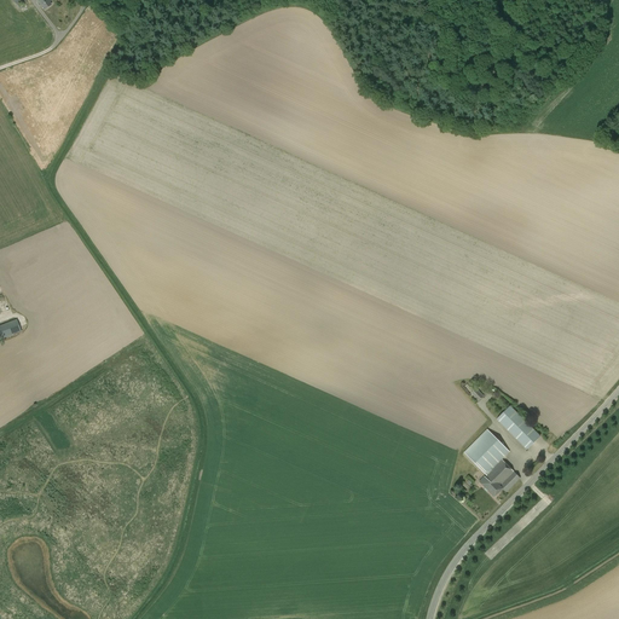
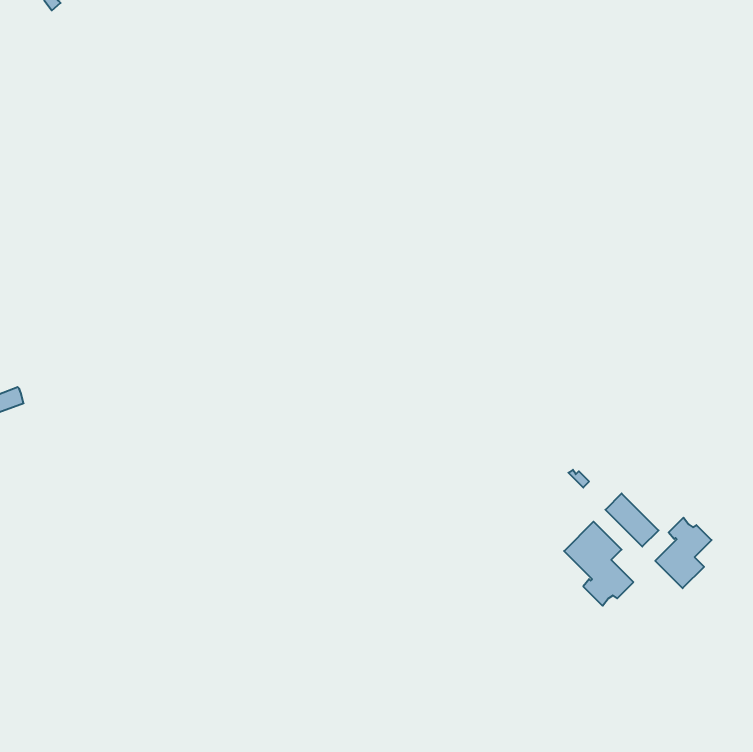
building: none -> [655,518,712,588]

